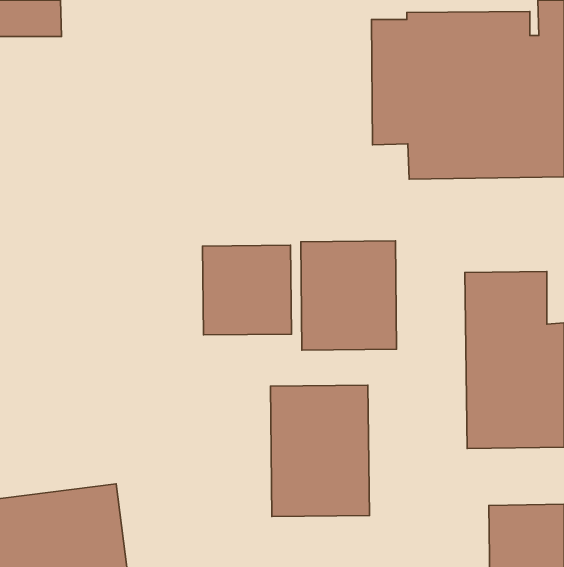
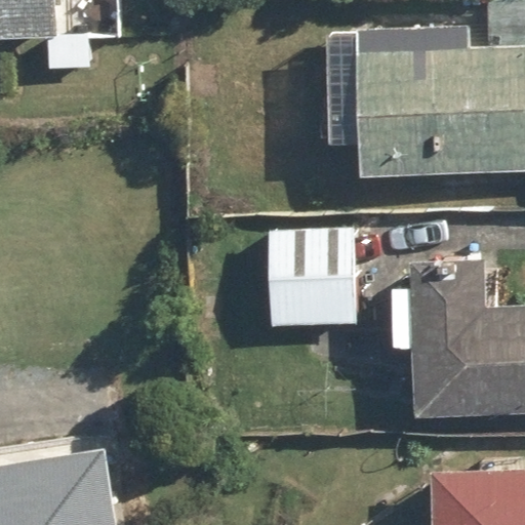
building: [203,245,292,335] -> none
building: [271,385,369,516] -> none

